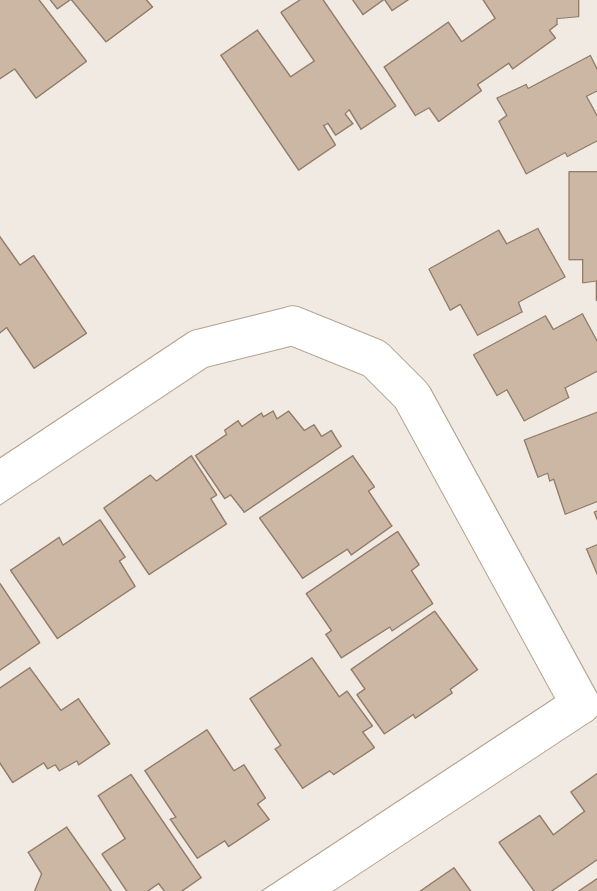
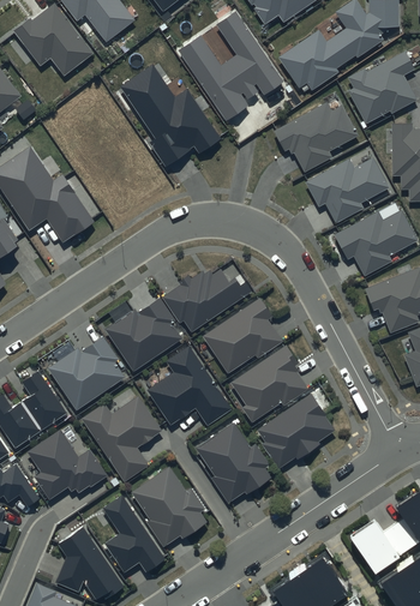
building: none -> [120,64,222,166]
building: none -> [274,102,359,173]
building: none -> [148,344,233,426]
building: none -> [80,396,162,481]

